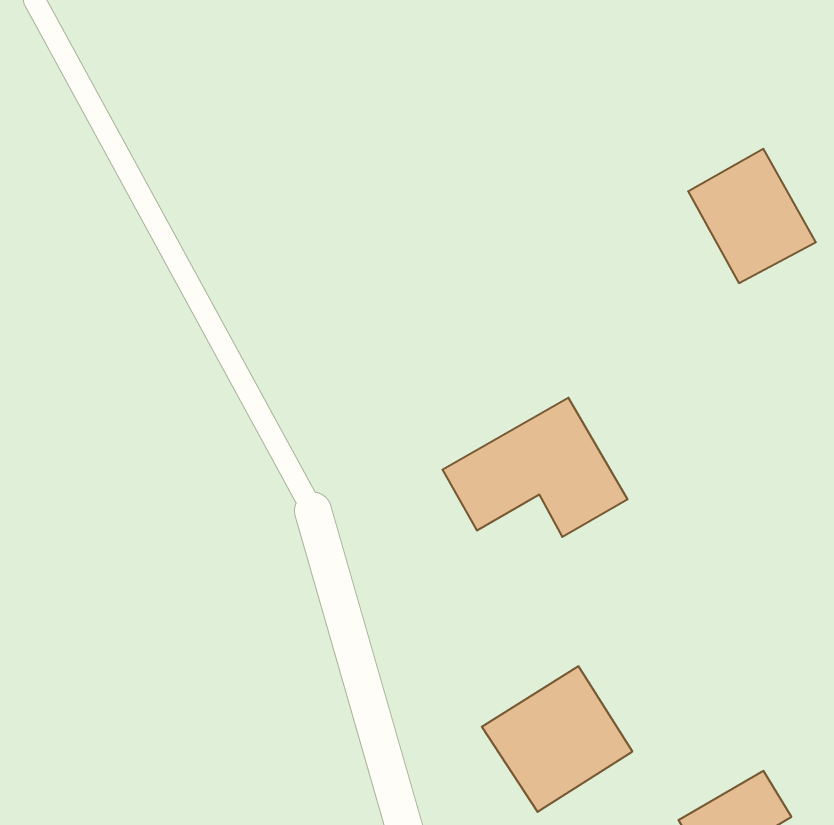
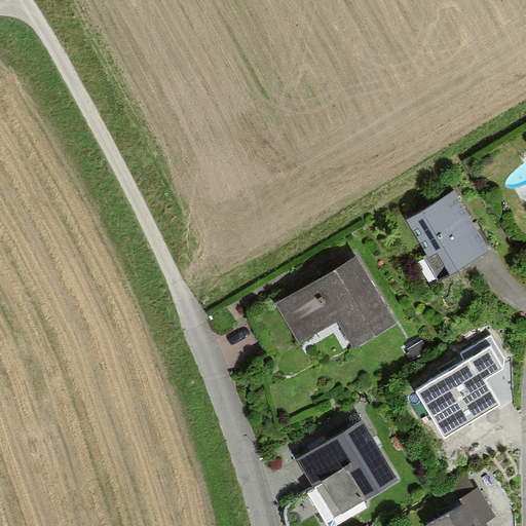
building: [688,149,816,283] -> [406,192,486,276]
building: none -> [426,347,498,433]

